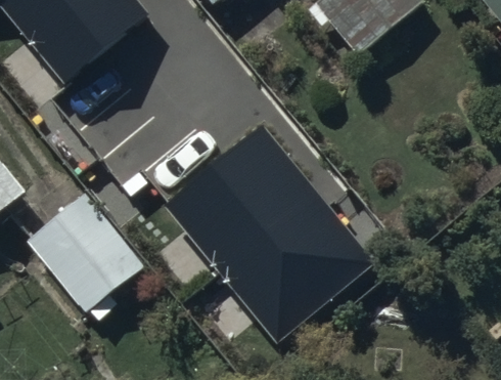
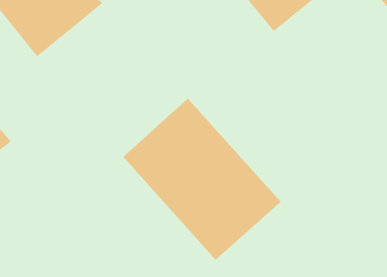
building: [29,196,138,308] -> none

